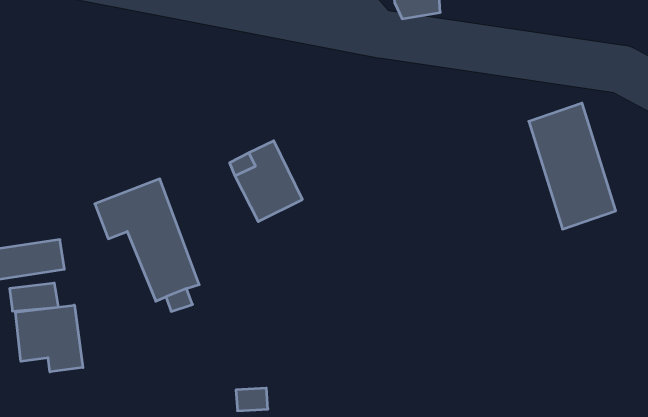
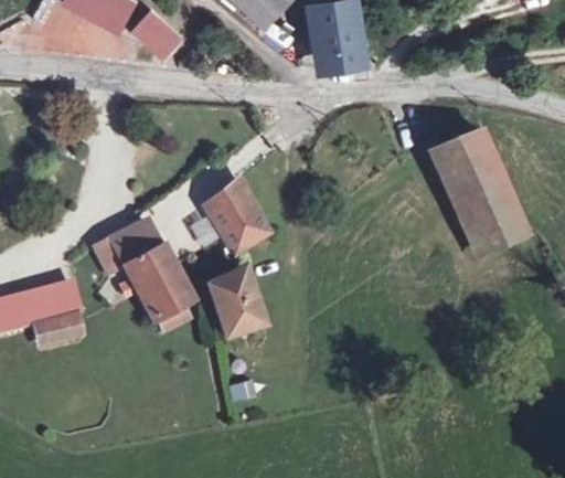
building: none -> [477,205,531,252]
building: none -> [211,275,264,339]
building: [15,305,83,372] -> none

